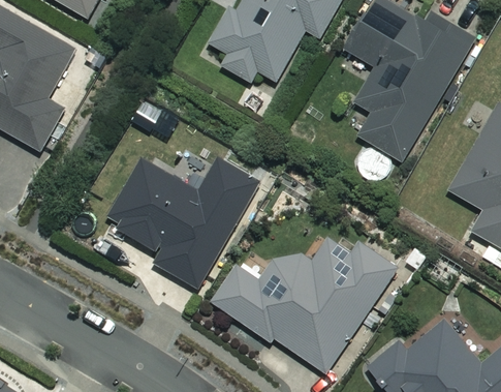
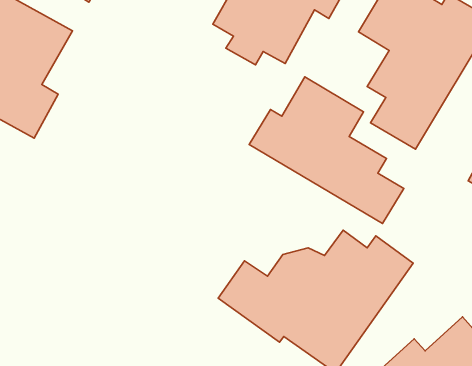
building: none -> [249,77,404,223]
building: [106,159,258,289] -> none

